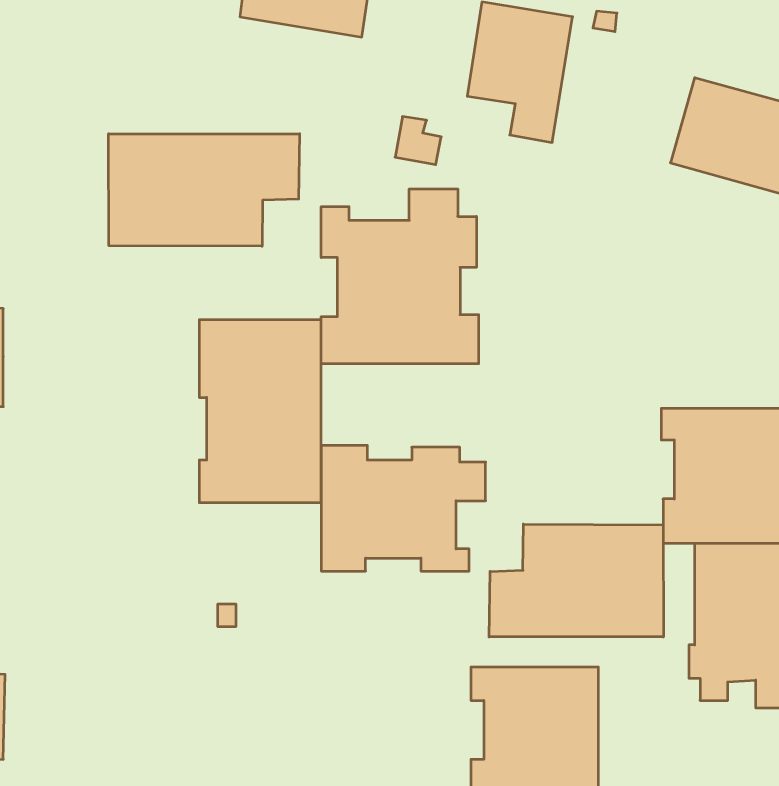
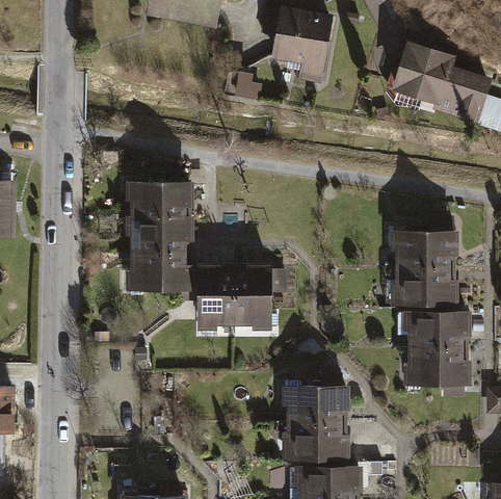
building: [109,134,300,246] -> none
building: [321,189,479,364] -> none
building: [489,524,663,637] -> none

